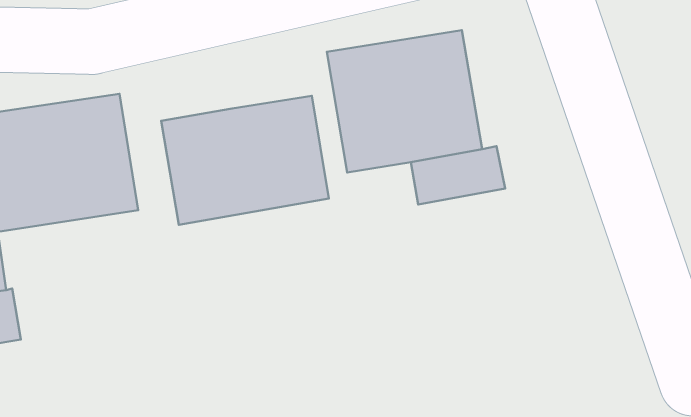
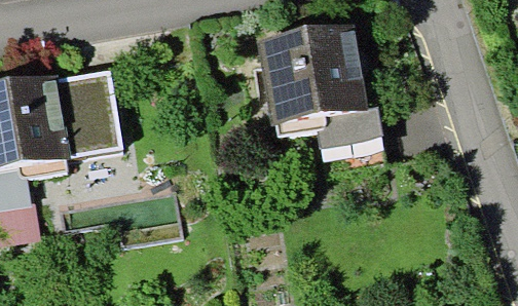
building: [161,96,329,225] -> none

